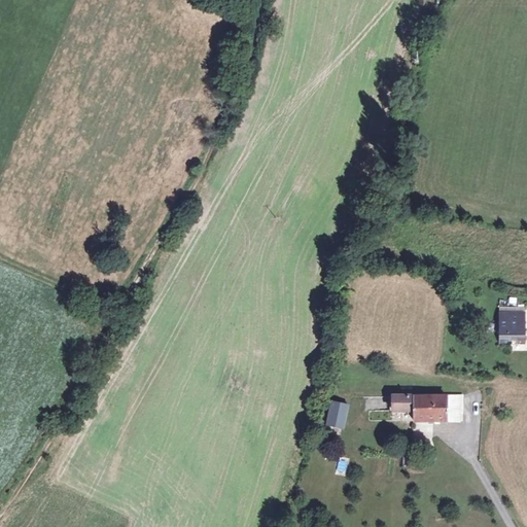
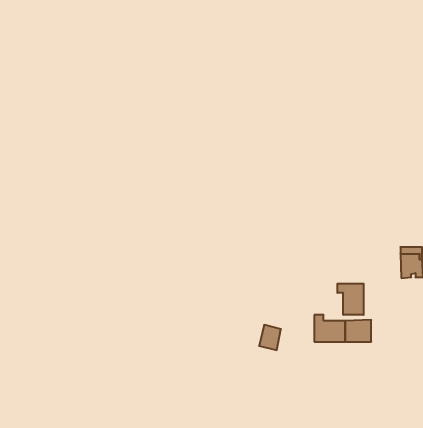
building: none -> [337,284,364,315]

